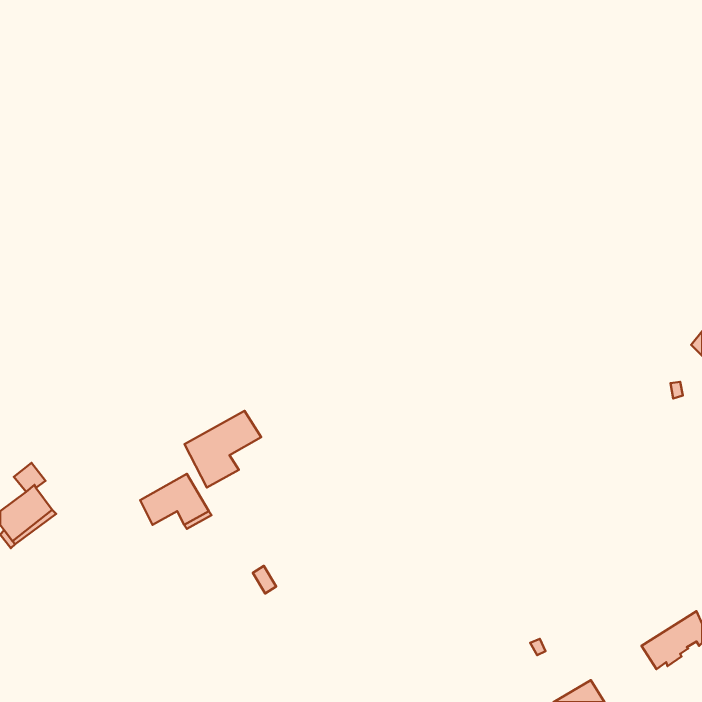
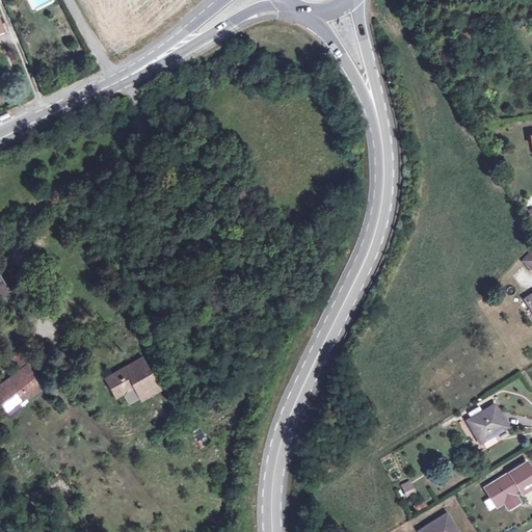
building: [184,411,261,488] -> none
building: none -> [468,405,507,443]

